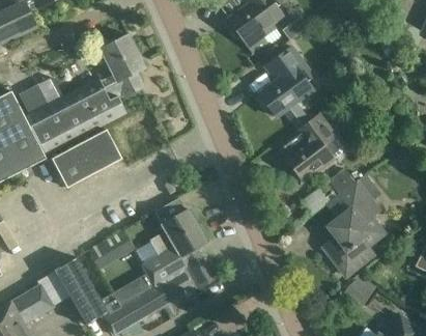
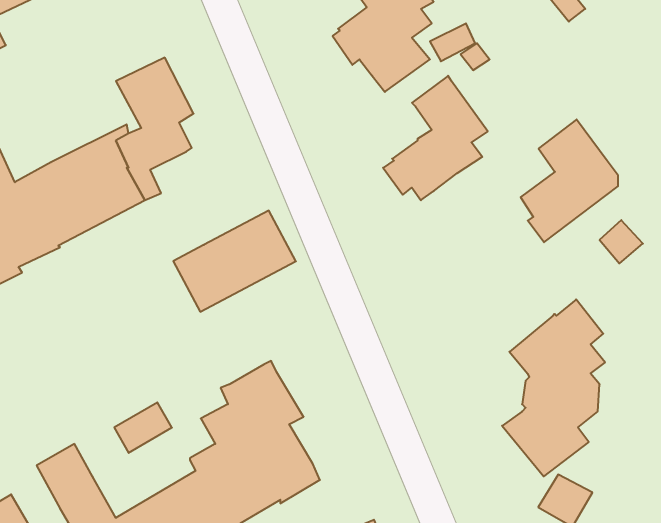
building: [285,113,341,184] -> [521,119,618,242]
building: [51,129,121,187] -> [173,211,296,312]

